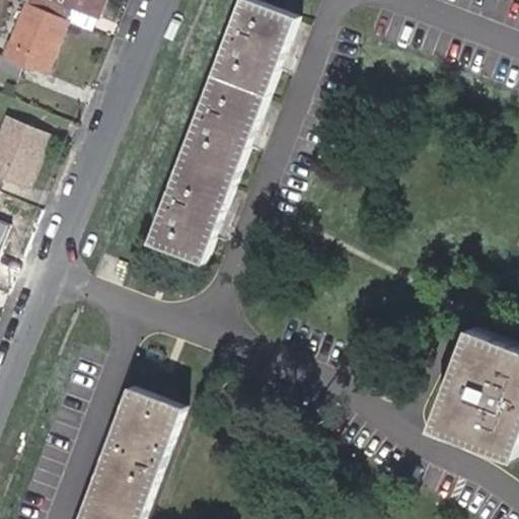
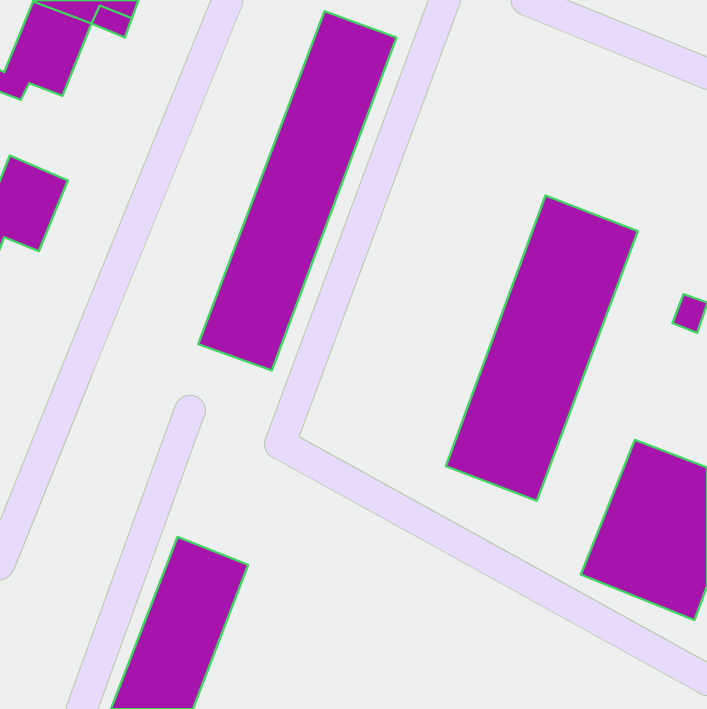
building: none -> [446,196,638,501]

